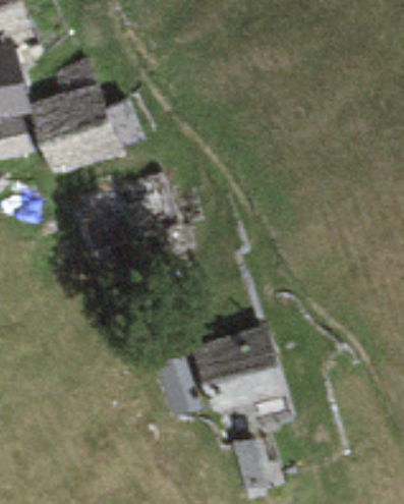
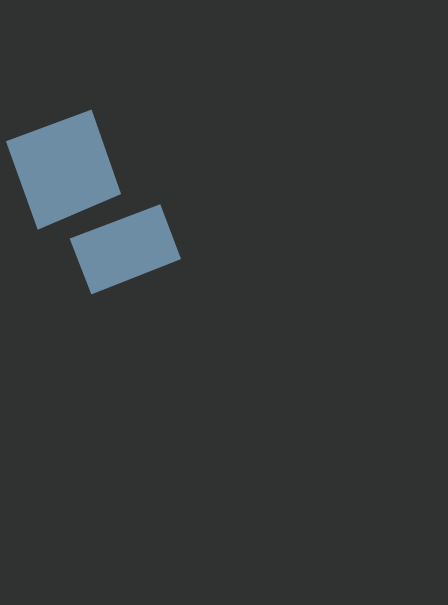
building: [190,320,286,419] -> none

